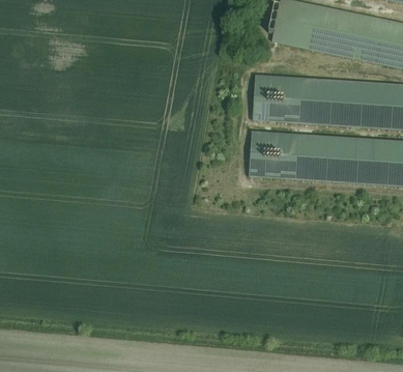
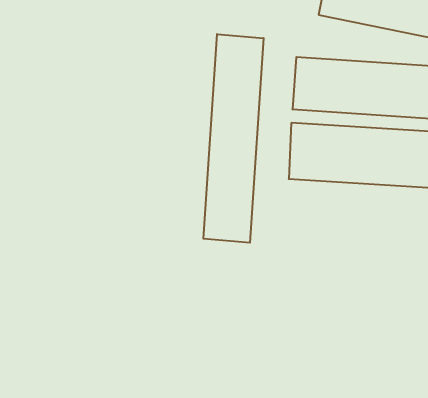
building: none -> [203,34,264,243]

